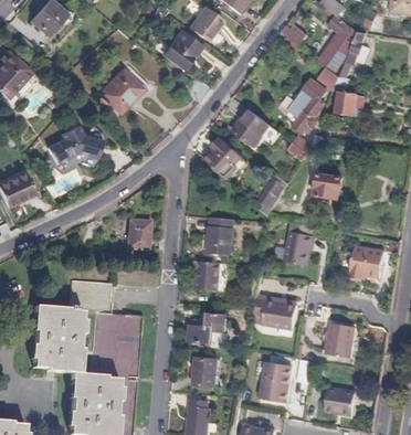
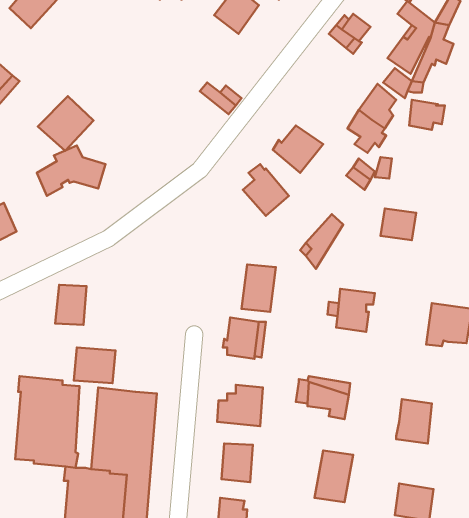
building: [164,30,202,67] -> none
building: [98,67,141,109] -> [38,96,94,151]
building: [126,218,150,248] -> [55,285,87,325]

